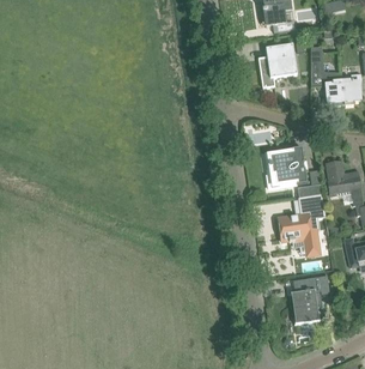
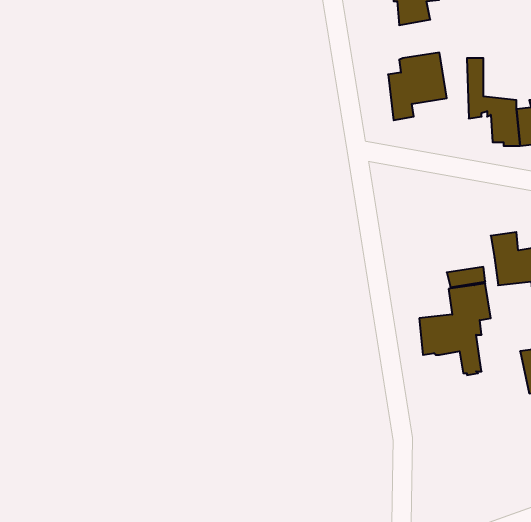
building: [269,146,308,183] -> none
building: [290,276,330,323] -> none

